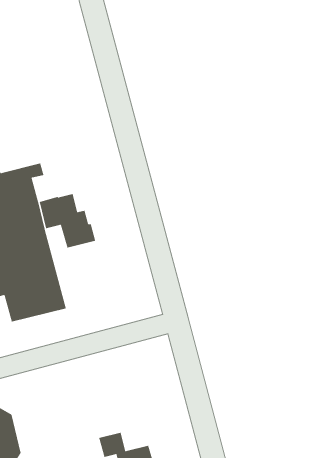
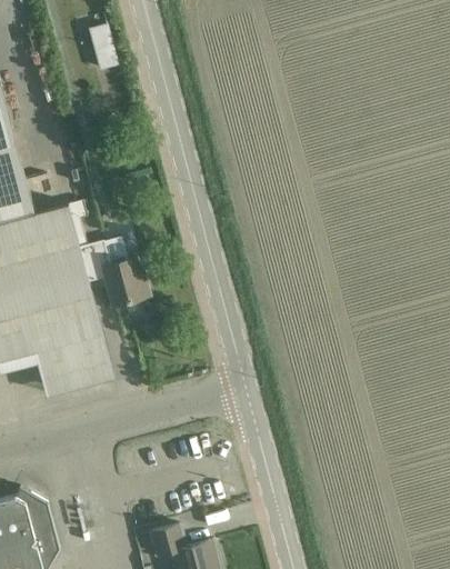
building: none -> [89,27,117,71]

